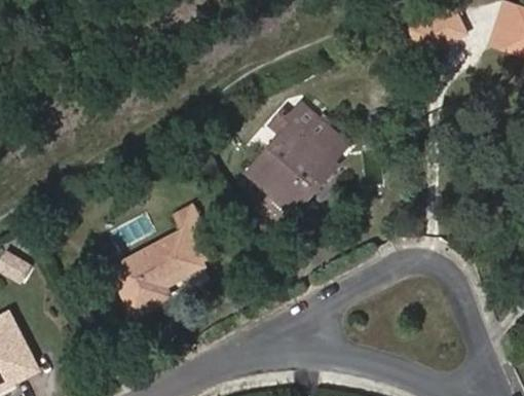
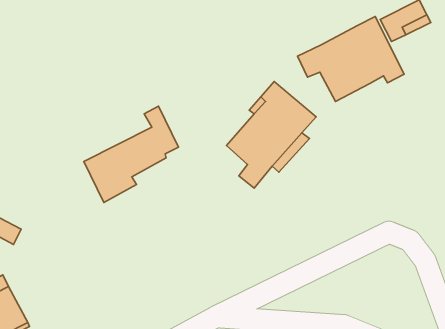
building: none -> [297,16,404,102]
building: [111,205,213,309] -> [84,106,178,203]

